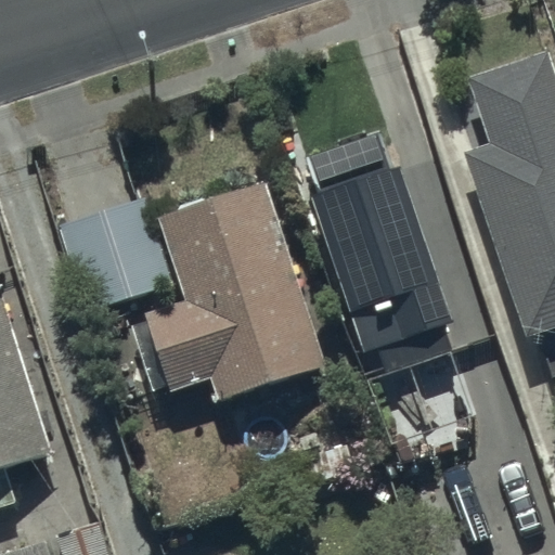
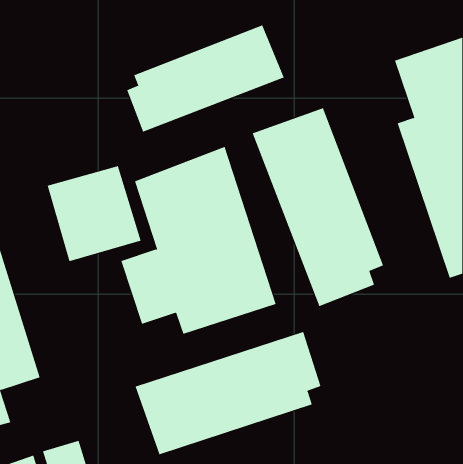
building: none -> [127,25,285,133]
building: none -> [135,331,321,455]

